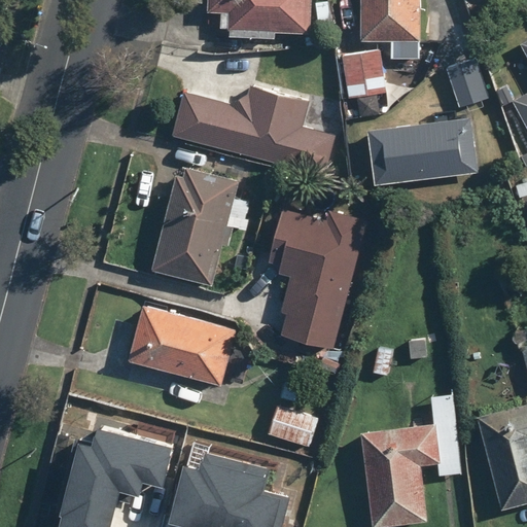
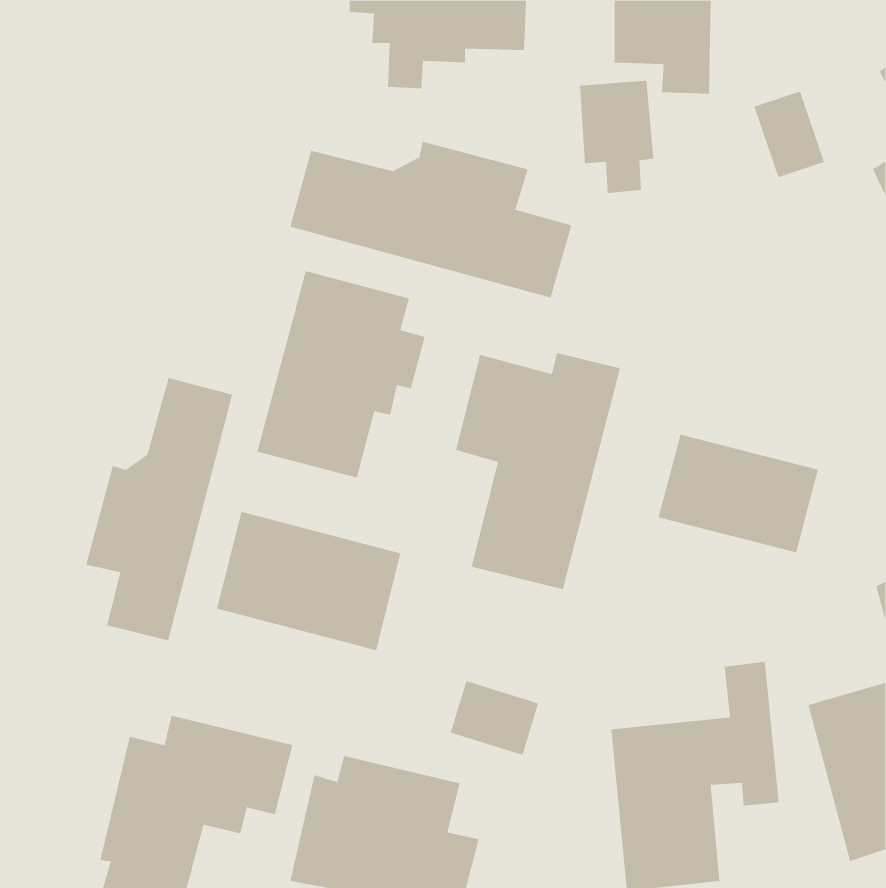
building: [366,116,482,185] -> none
building: none -> [86,377,233,641]
building: none -> [658,434,819,553]

